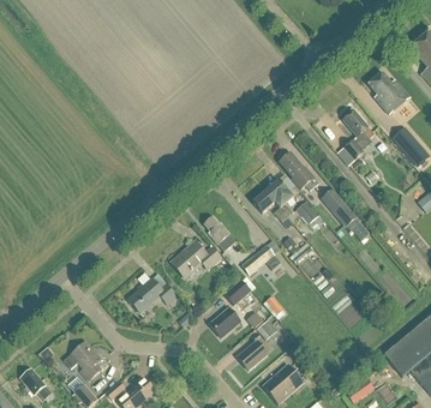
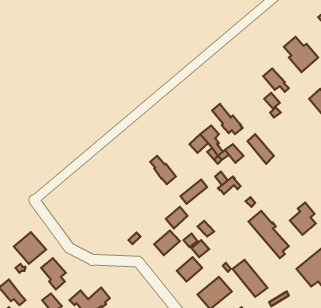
building: [170,241,221,277] -> none
building: none -> [290,203,316,235]
building: [128,277,176,312] -> none
building: none -> [14,232,46,264]
building: none -> [232,260,267,297]

